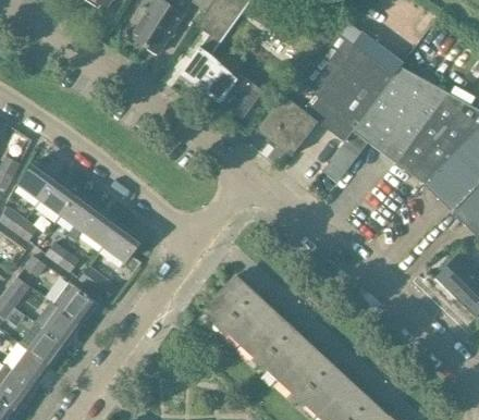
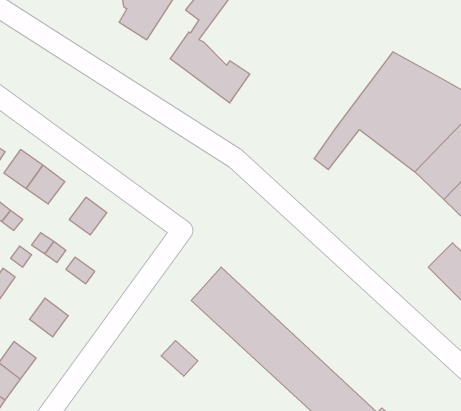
building: [256,23,403,155] -> none
building: [61,193,98,239] -> none
building: [102,223,140,261] -> none
building: [52,282,96,324] -> none
building: [27,328,65,366] -> none
building: none -> [161,341,198,376]

